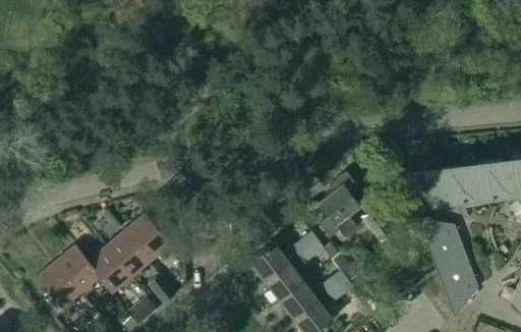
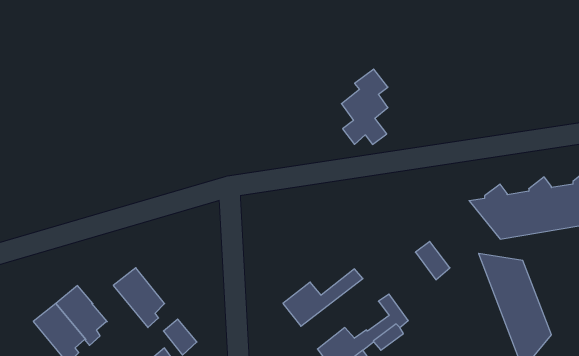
building: [317,173,357,237] -> [341,69,388,144]
building: [124,215,173,262] -> none
building: [265,240,324,300] -> none
building: [86,246,134,293] -> none

